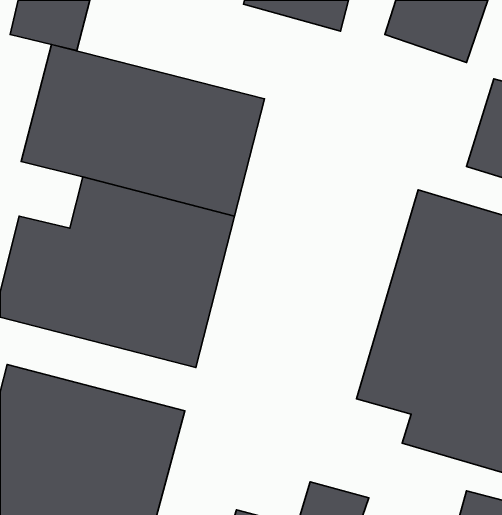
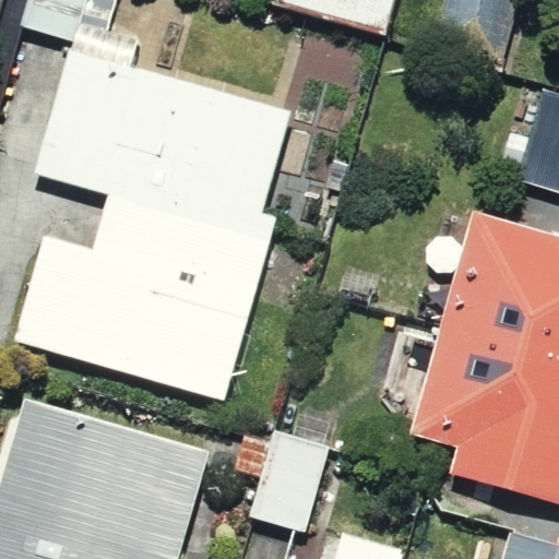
building: none -> [224,435,323,537]

